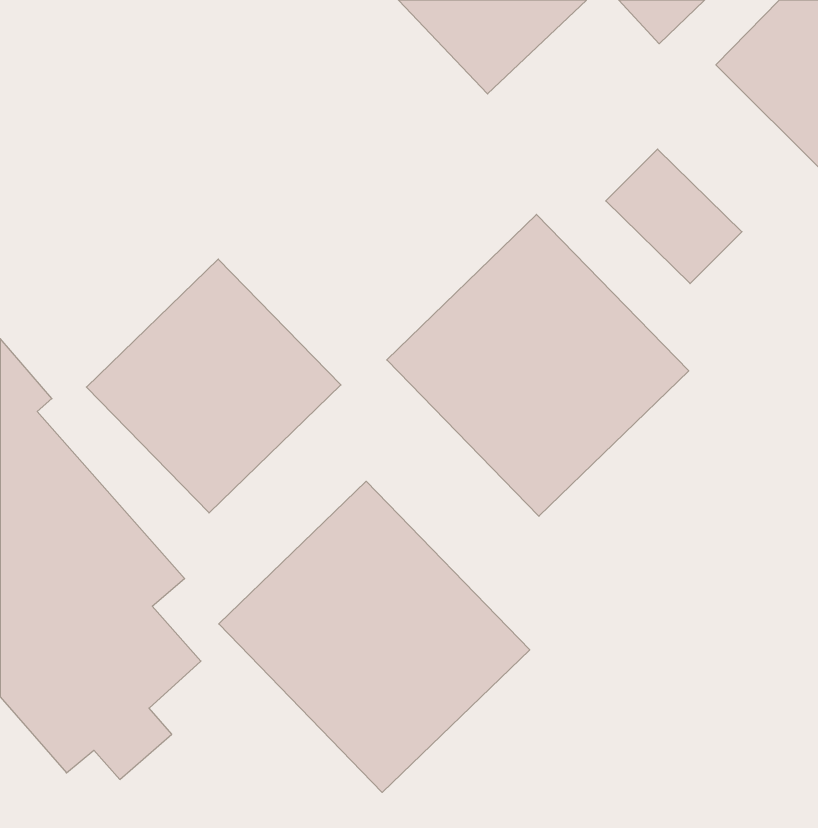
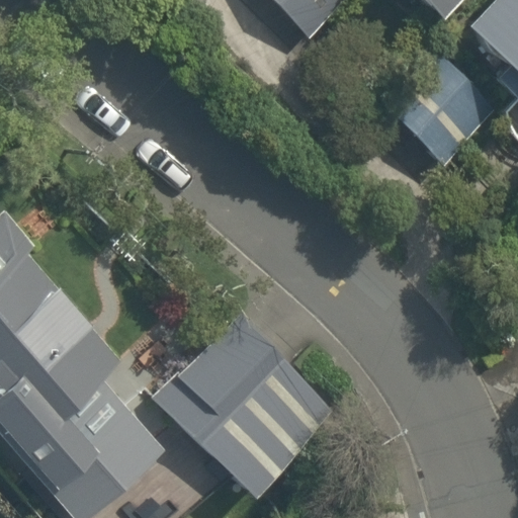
building: [387,214,689,516] -> none
building: [86,259,341,513] -> none

